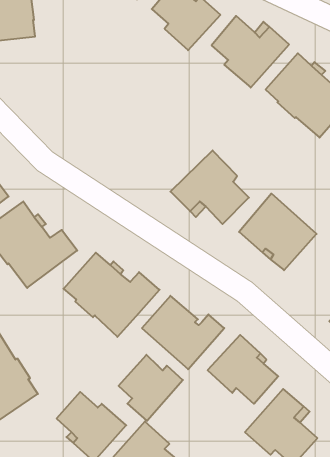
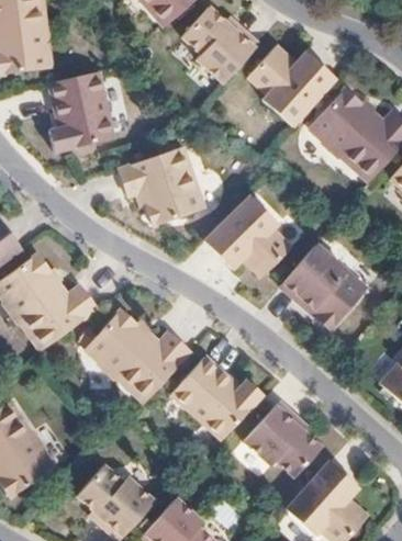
building: none -> [49,70,113,151]
building: none -> [116,146,202,225]
building: [119,355,183,421] -> none

